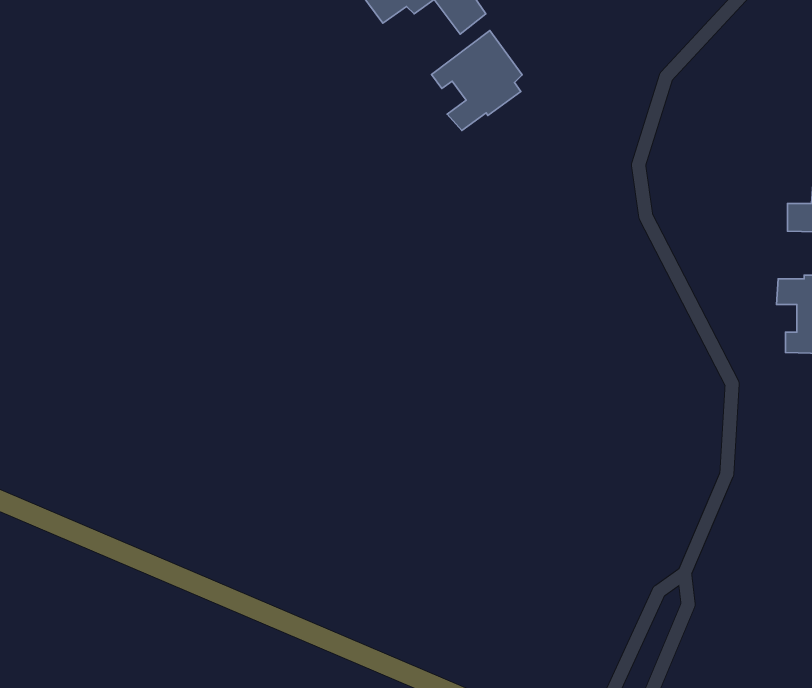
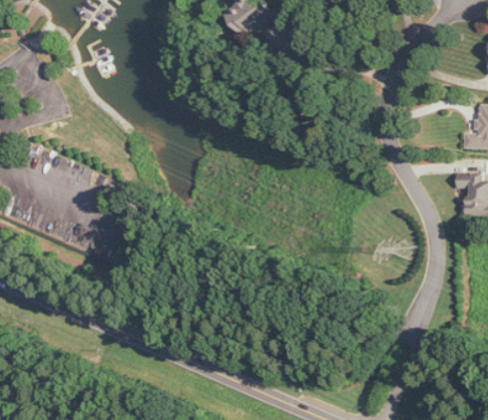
building: [432,30,522,131] -> none

